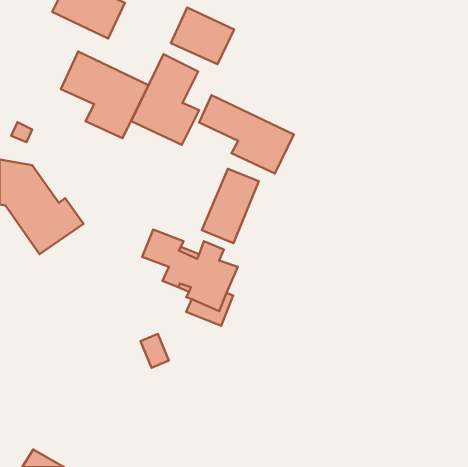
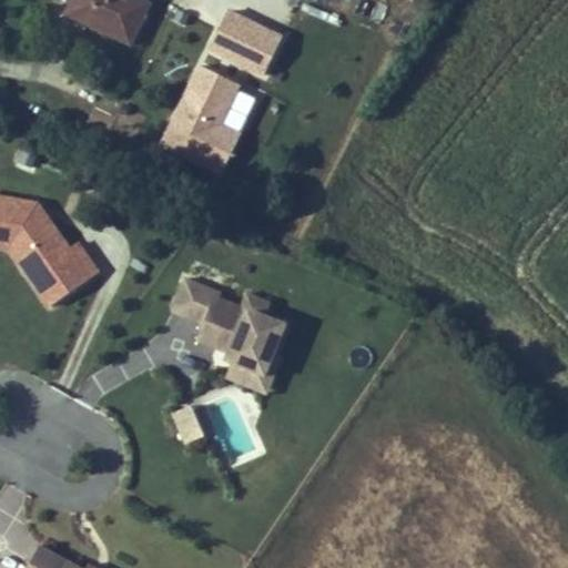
building: [61,52,148,138] -> none
building: [199,95,294,173] -> none
building: [202,169,259,243] -> none

